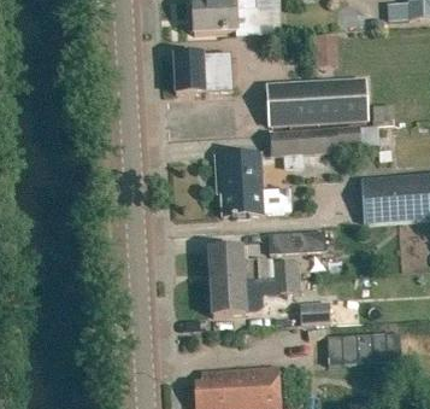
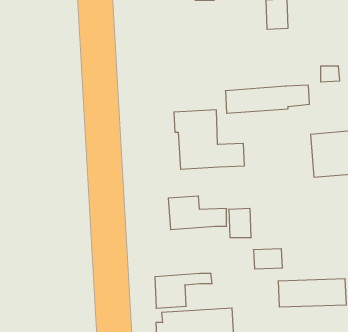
building: [173,51,232,93] -> none
building: [267,77,370,128] -> none
building: [267,230,325,255] -> none
building: [211,277,272,315] -> [155,274,212,308]

